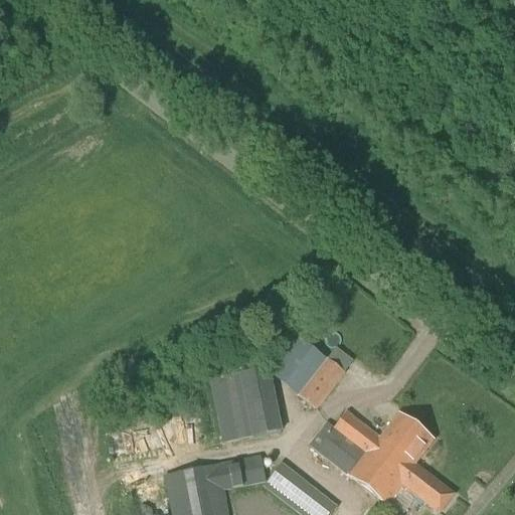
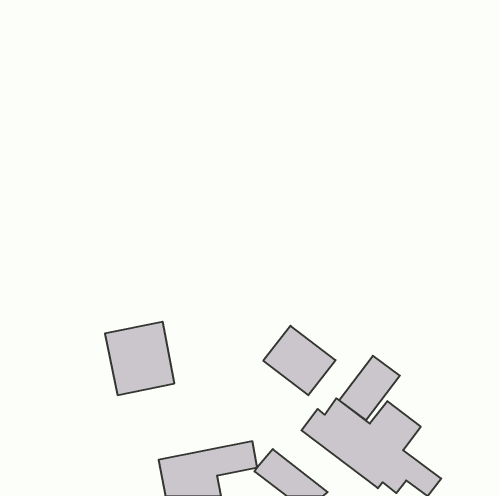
building: none -> [339,356,400,420]
building: [210,366,282,442] -> [105,322,174,395]

